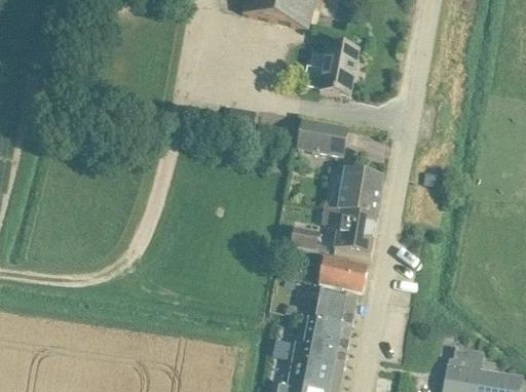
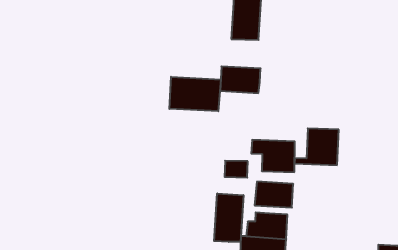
building: none -> [169,77,221,111]
building: [326,169,381,215] -> [295,128,339,165]
building: none -> [214,193,243,242]

